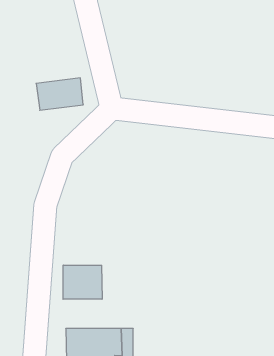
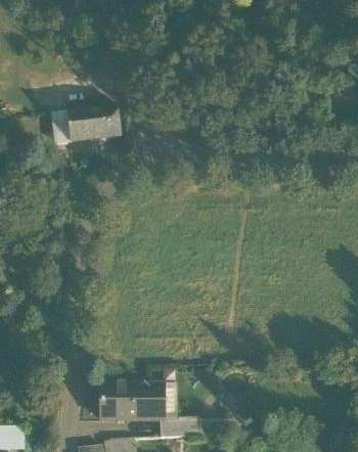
building: none -> [50,112,72,144]
building: [63,265,102,299] -> none

